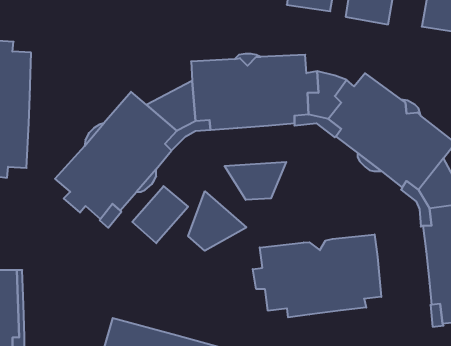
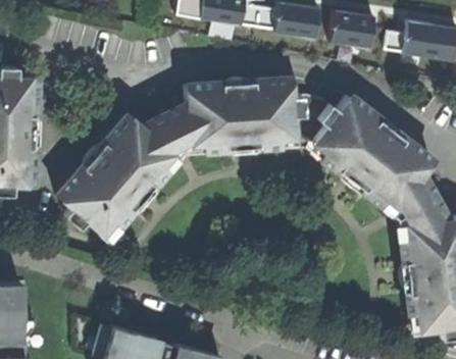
building: [225,162,286,200] -> none
building: [132,186,188,243] -> none
building: [188,191,246,251] -> none
building: [253,234,381,317] -> none

